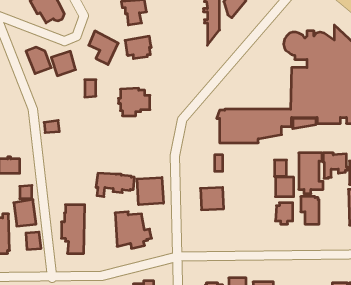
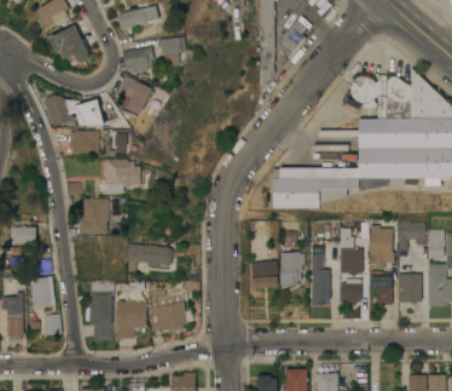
building: [125,36,151,59] -> [123,47,155,74]
building: none -> [69,131,100,155]
building: [118,88,150,116] -> [103,159,140,191]
building: none -> [80,199,109,234]
building: none -> [312,246,331,305]
building: [137,177,163,205] -> none
building: none -> [279,252,305,288]
building: none -> [399,275,422,304]
building: none -> [116,301,149,339]

